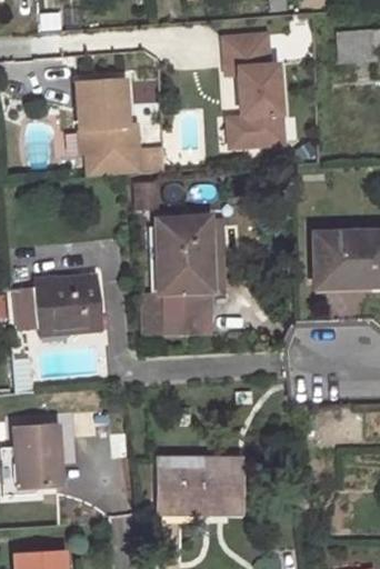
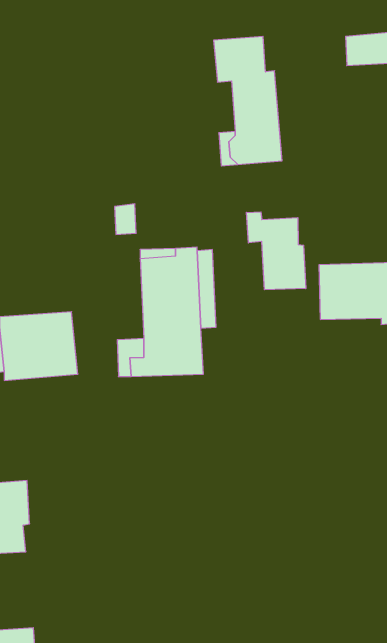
building: [77,80,139,177] -> none
building: none -> [246,212,306,290]
building: [159,458,241,517] -> none

